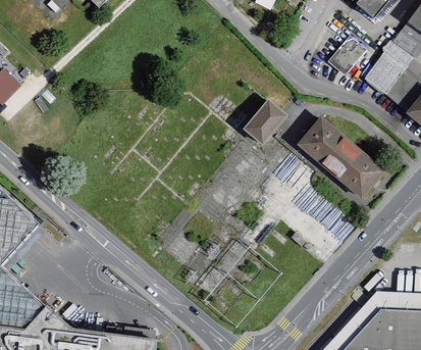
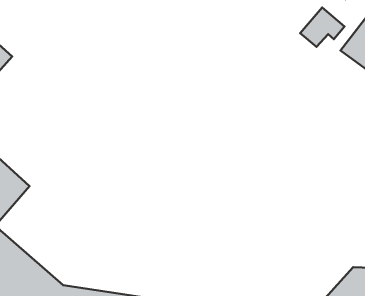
building: [246,99,291,145] -> none
building: [301,117,386,199] -> none

